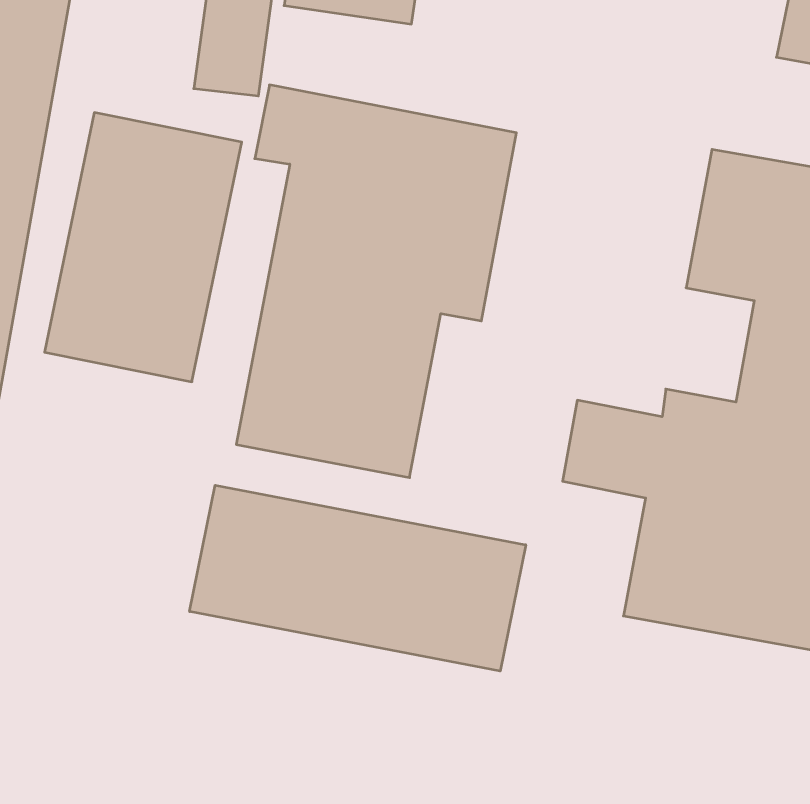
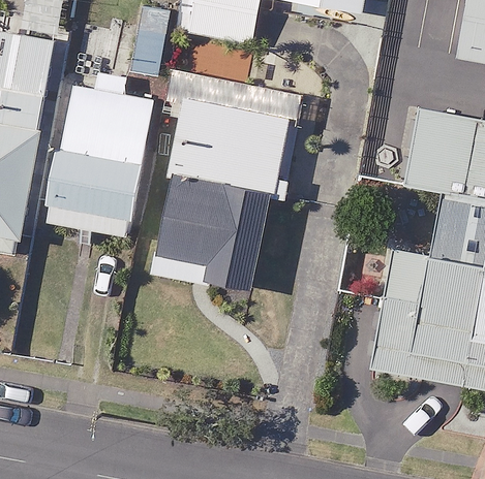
building: [190,485,526,671] -> none

